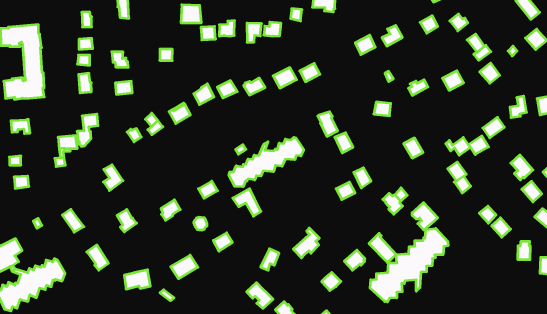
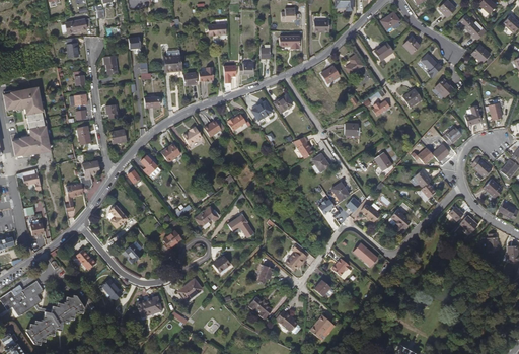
building: [229,137,304,187] -> none
building: [370,228,448,302] -> none

